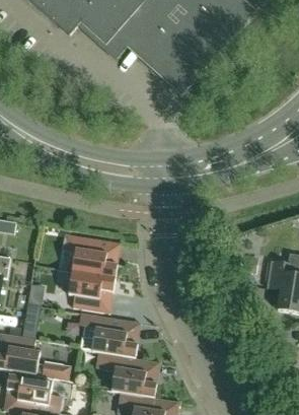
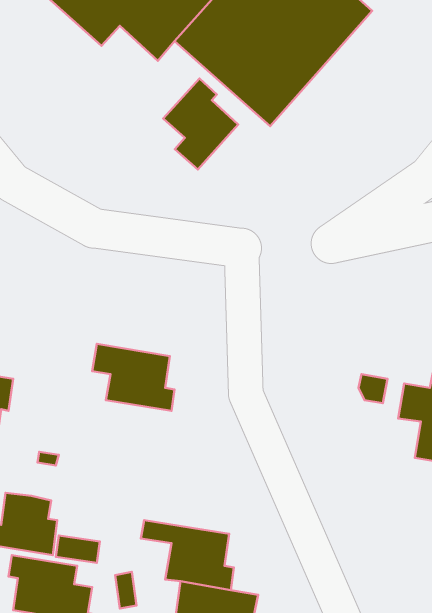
building: none -> [163,78,238,170]
building: [69,271,116,312] -> none
building: [79,313,138,357] -> none

